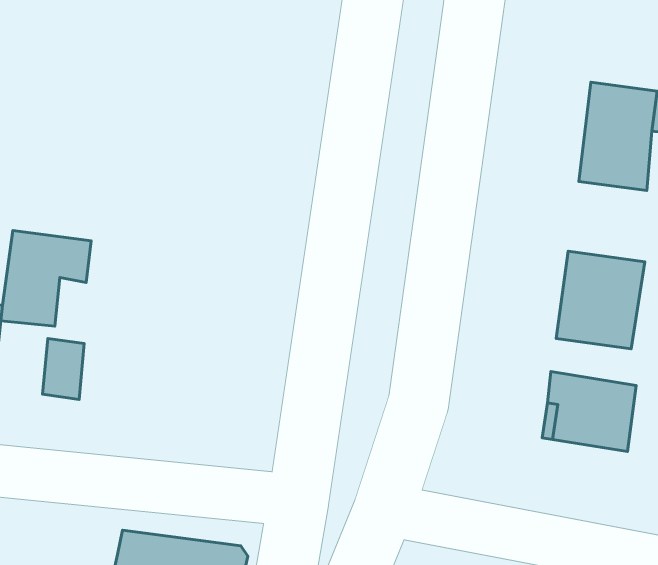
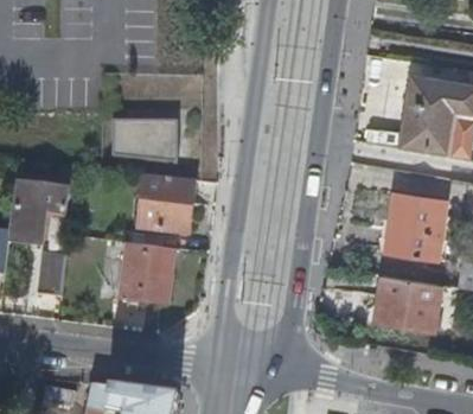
building: none -> [110,119,177,165]
building: none -> [133,172,197,238]
building: none -> [123,241,175,302]

